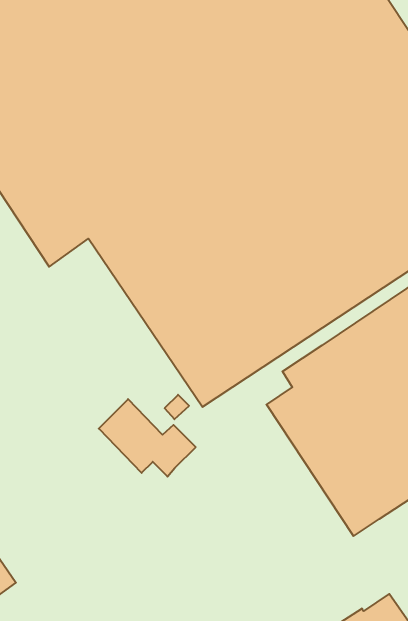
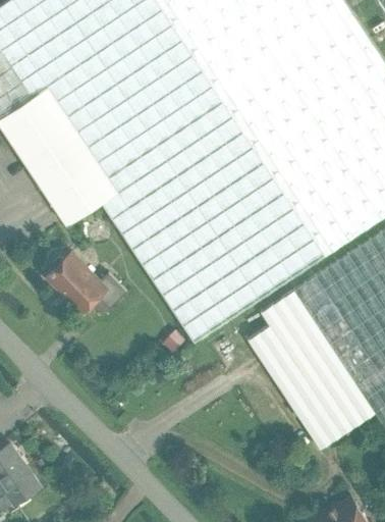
building: [99,399,196,477] -> [46,251,126,315]

